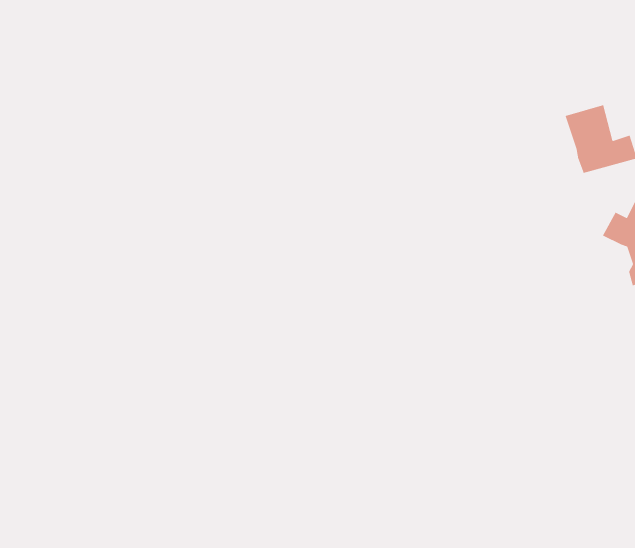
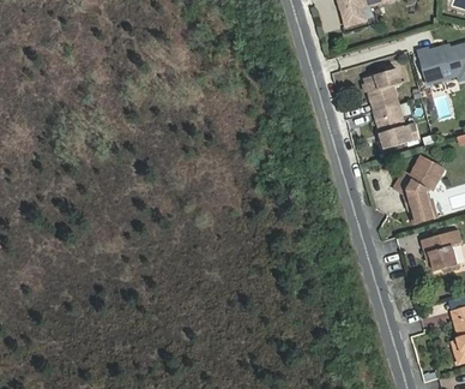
building: none -> [362,68,398,110]

